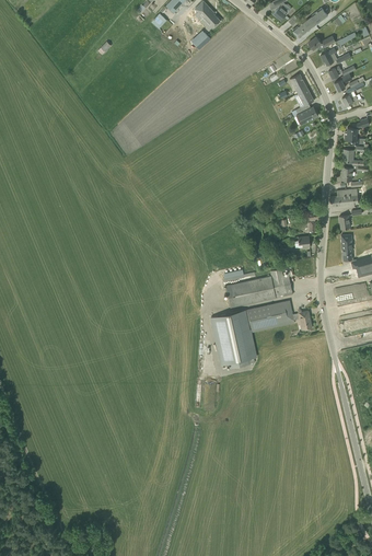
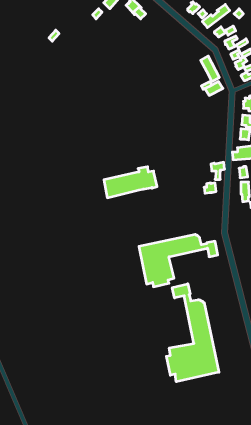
building: [225,268,293,308] -> [104,167,157,198]
building: none -> [166,284,219,382]

